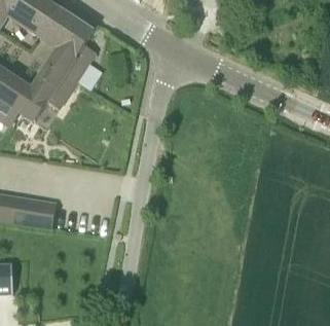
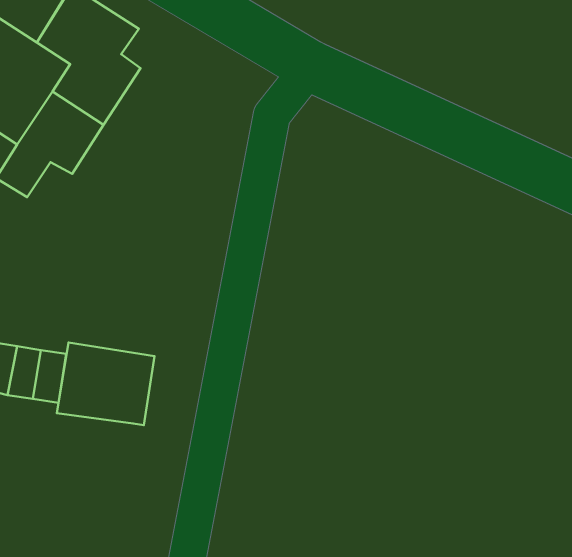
building: none -> [57,343,154,425]

